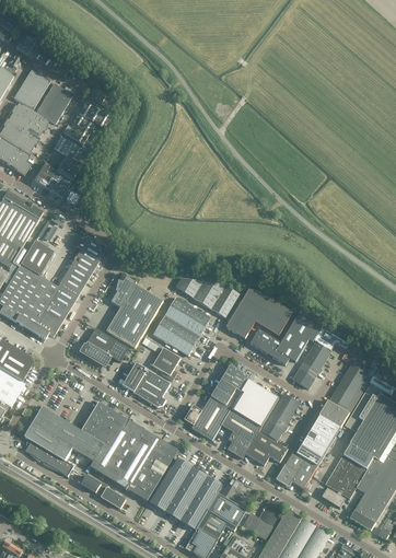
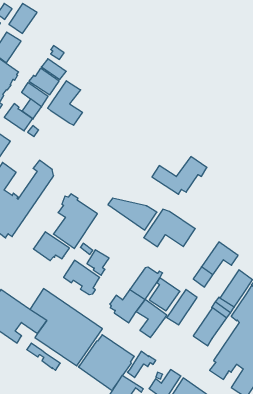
building: [36,84,72,124] -> [9,3,37,33]
building: none -> [48,81,82,125]
building: [153,298,210,356] -> none
building: [248,315,319,365] -> [152,157,207,194]
building: [244,432,287,466] -> none
building: [276,452,316,489] -> none

